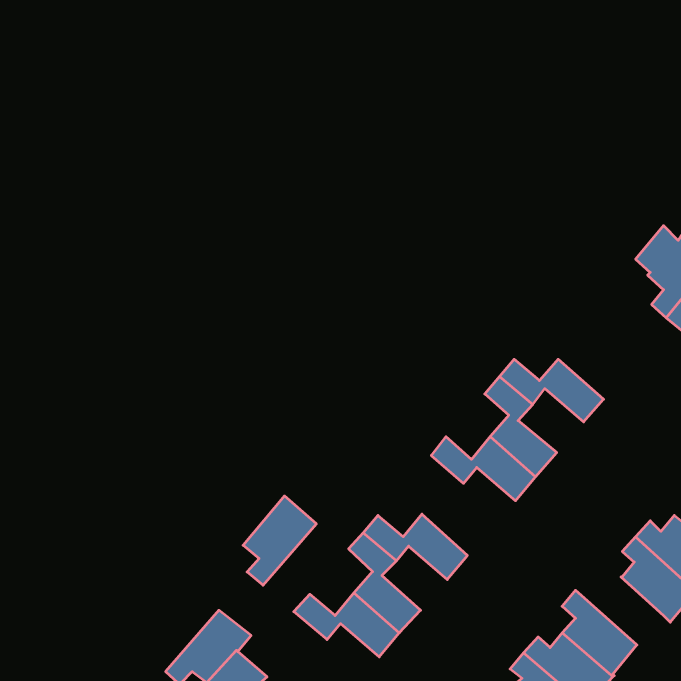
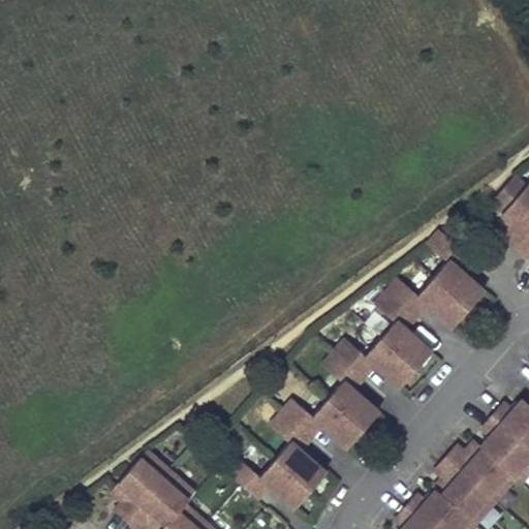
building: none -> [429,231,485,310]
building: none -> [323,353,379,431]
building: [243,496,316,585] -> [114,452,170,521]
building: none -> [446,443,515,500]

